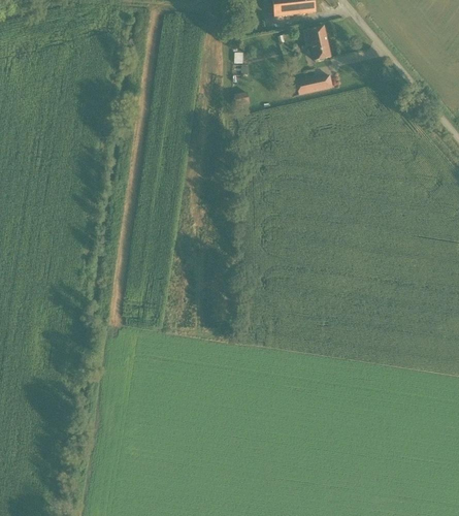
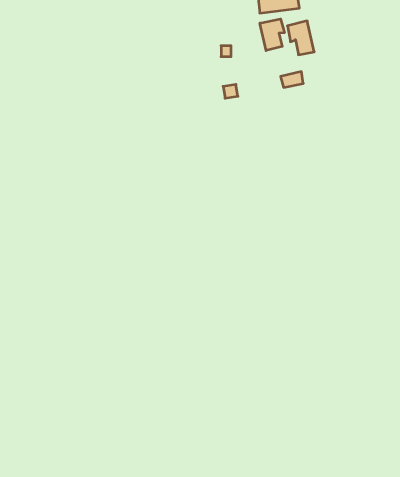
building: none -> [260,19,284,51]

